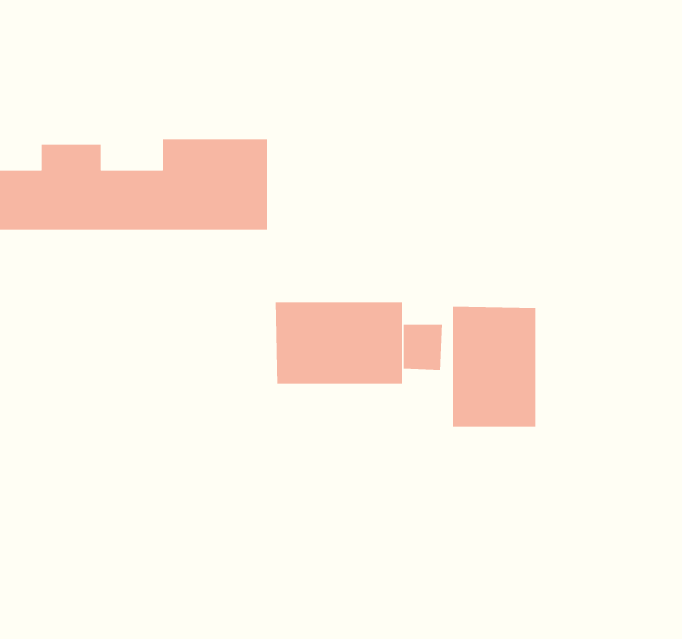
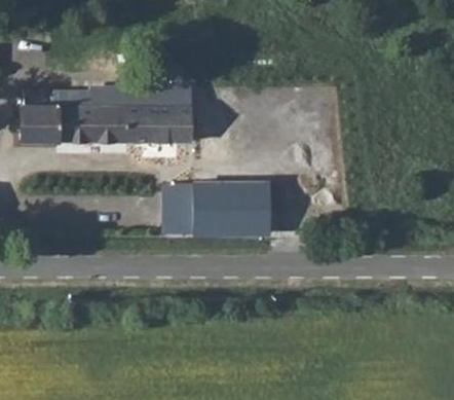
building: none -> [165,184,192,233]
building: [452,306,536,427] -> none

